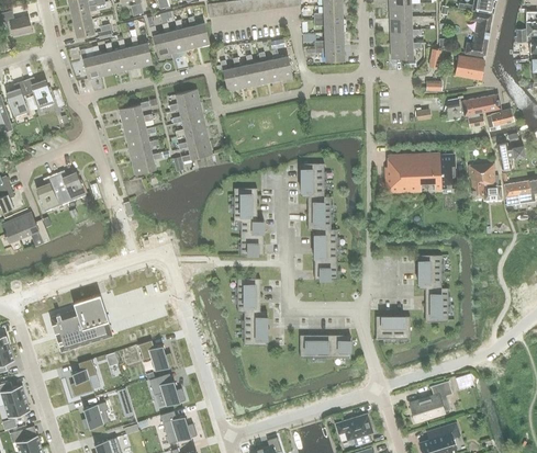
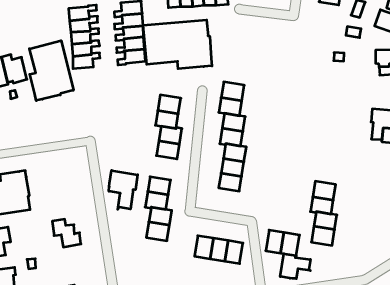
building: none -> [143,20,212,69]
building: none -> [29,41,73,101]
building: [384,152,456,193] -> none
building: none -> [109,170,138,209]
building: none -> [280,254,310,279]
building: [149,375,186,406] -> none

